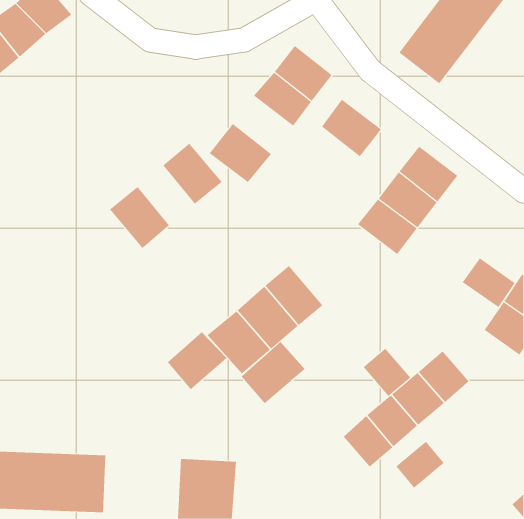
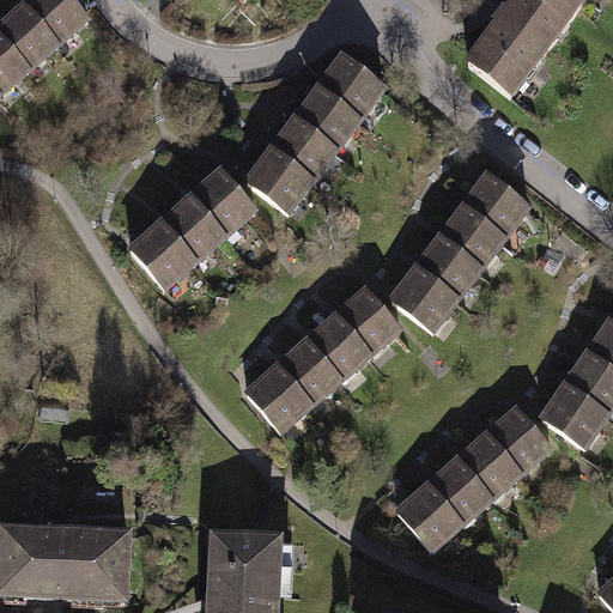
building: [321,99,382,157] -> [271,111,341,180]
building: none -> [160,193,226,262]
building: none -> [387,261,462,334]
building: none -> [336,284,405,356]
building: [462,257,515,308] -> [542,384,605,443]
building: [167,331,228,390] -> none
building: [241,341,305,404] -> none
building: [363,348,411,397] -> none
building: [396,441,444,489] -> none

